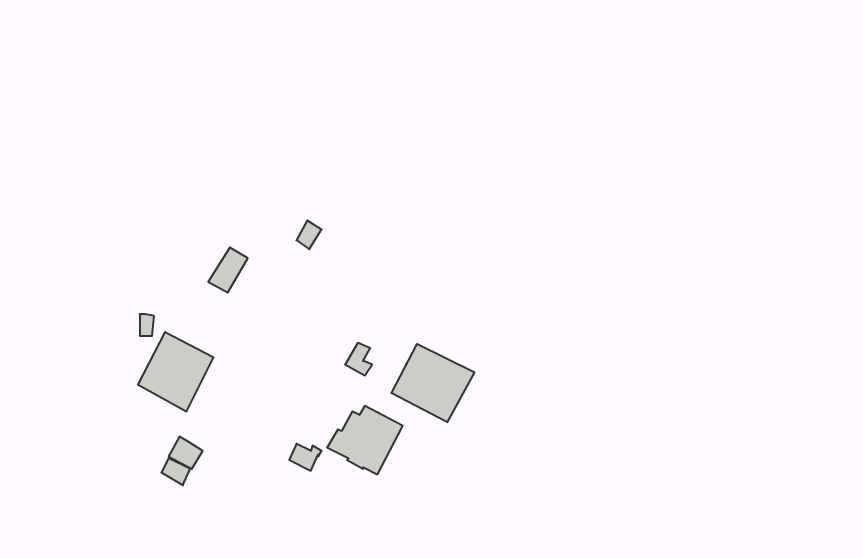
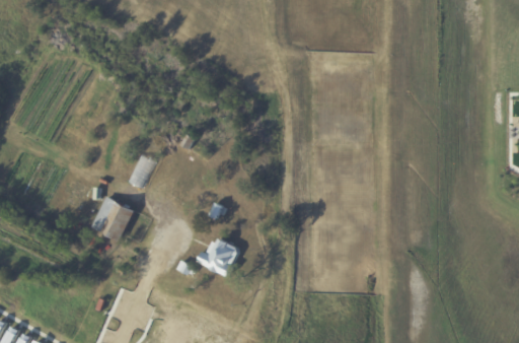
building: [391,344,474,422] -> none

